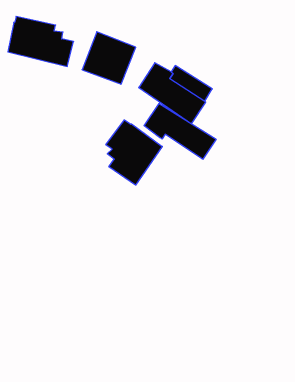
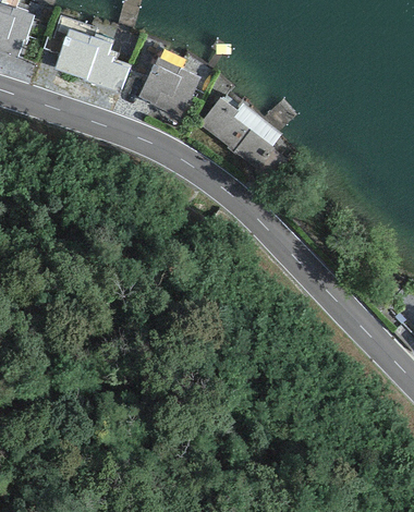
building: [144,103,216,159] -> none
building: [106,120,162,185] -> none

